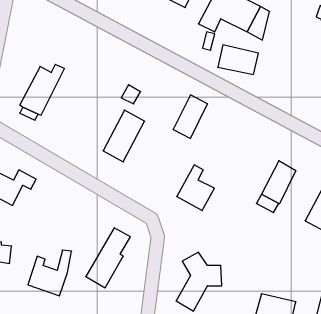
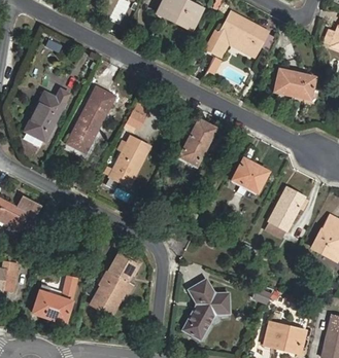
building: [218,45,258,74] -> [274,69,315,99]
building: none -> [67,90,113,152]
building: [177,165,214,211] -> [231,147,269,193]

